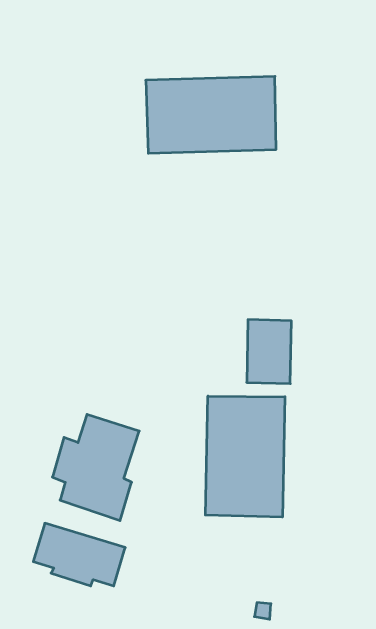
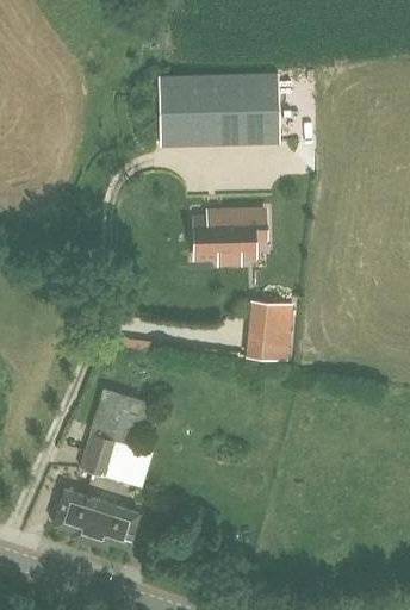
building: none -> [193,212,265,263]
building: [205,396,285,517] -> none

